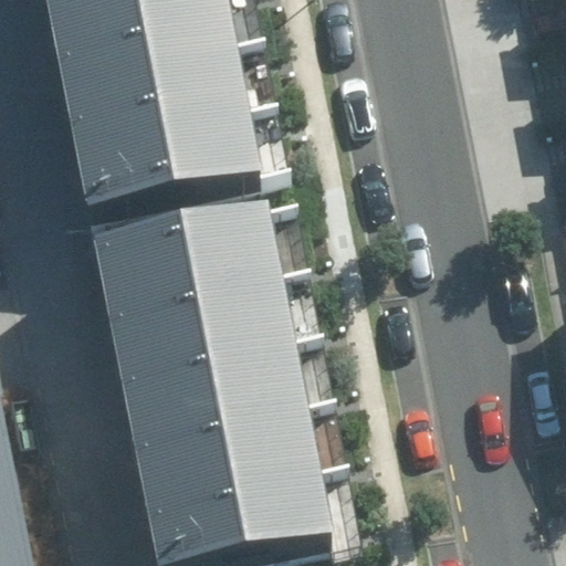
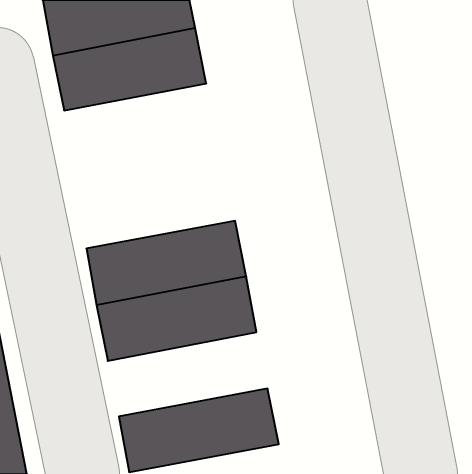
building: [76,99,259,198] -> none
building: [90,197,280,296] -> none
building: [128,396,318,496] -> none

